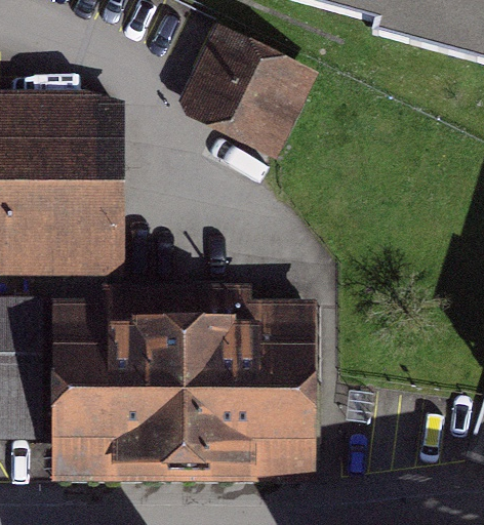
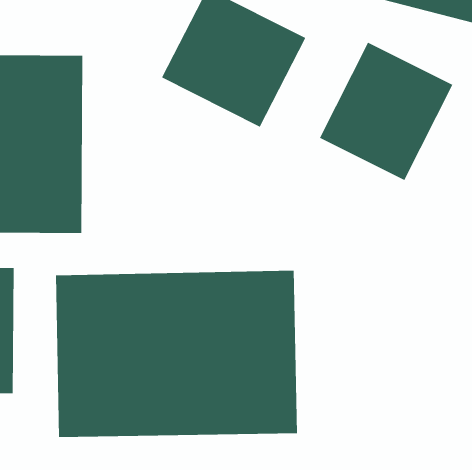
building: none -> [319,42,453,181]

